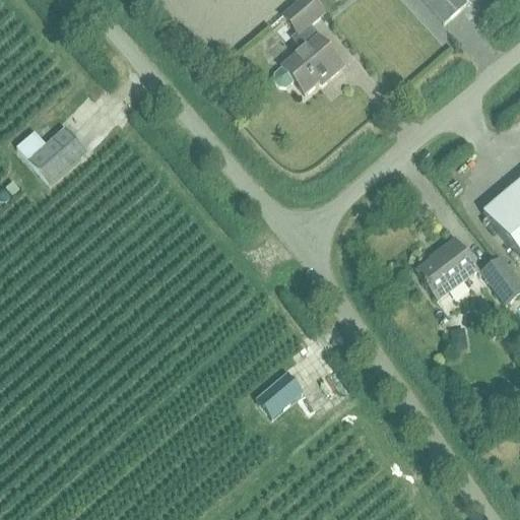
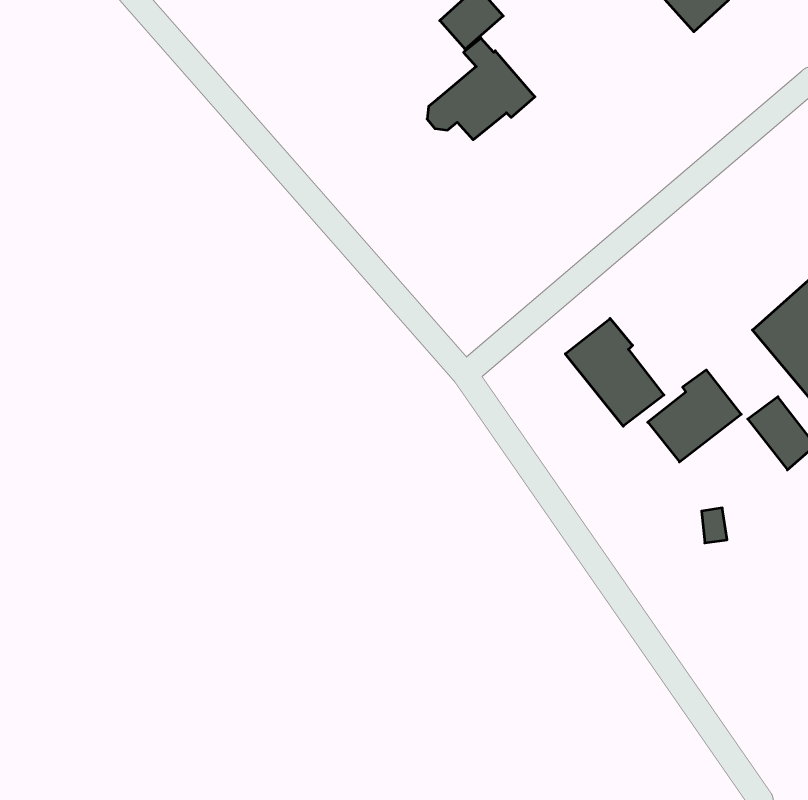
building: [18,127,88,184] -> none
building: none -> [565,318,664,426]
building: [257,373,304,417] -> none

